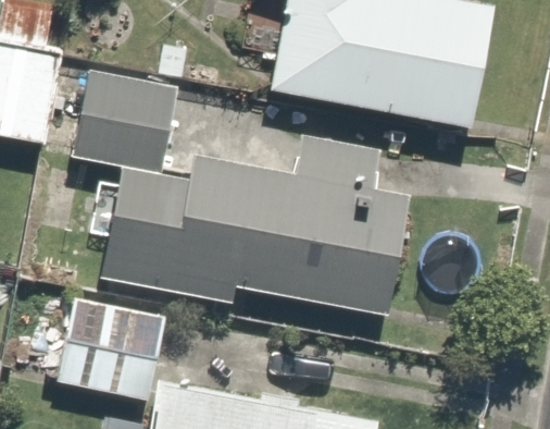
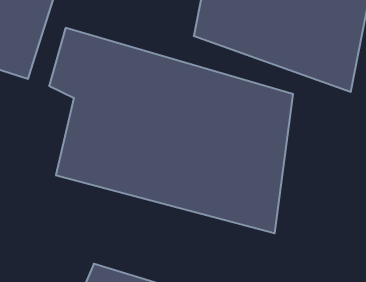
building: [52,280,154,395] -> none

